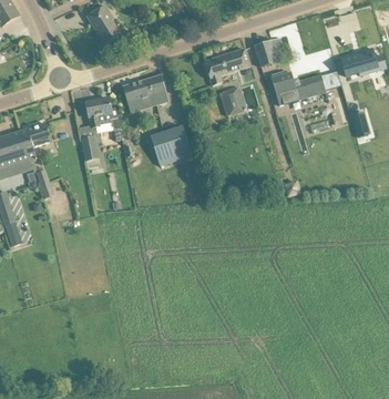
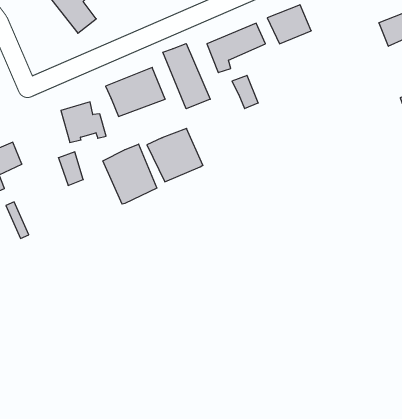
building: none -> [163,44,210,109]
building: [270,71,325,105] -> none
building: none -> [103,144,157,204]

